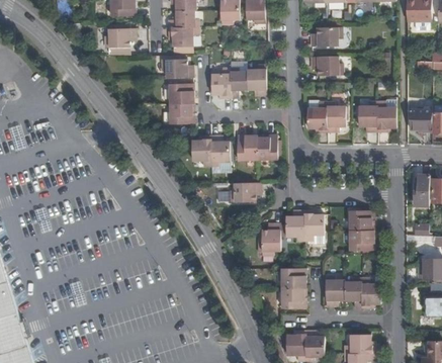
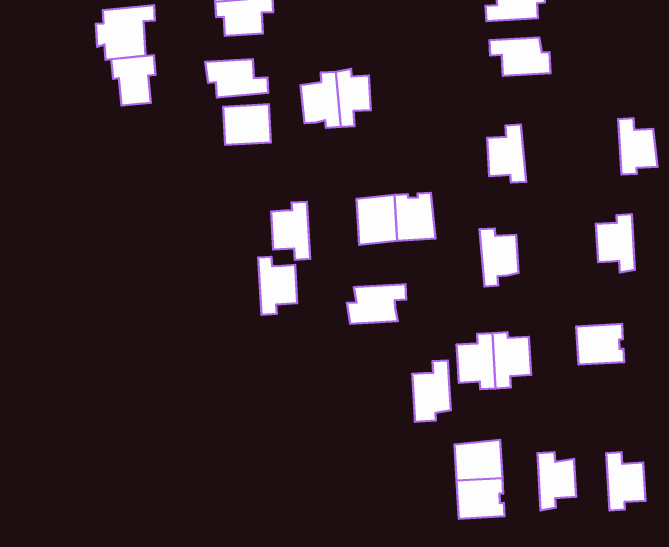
building: none -> [111,55,156,105]
building: [247,64,266,93] -> none
building: [326,101,345,131] -> [480,228,518,286]
building: [358,101,377,131] -> [596,214,635,272]
building: [169,103,194,123] -> none
building: [210,135,230,166] -> [258,257,297,315]
building: [349,230,373,250] -> none
building: [344,277,361,307] -> none

